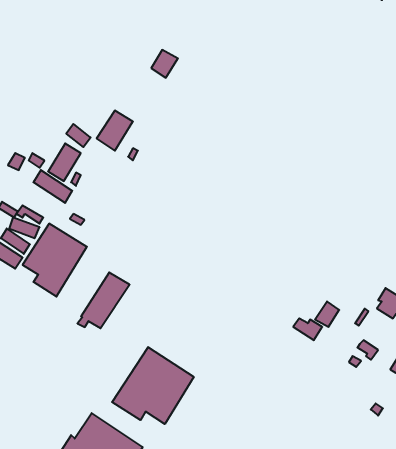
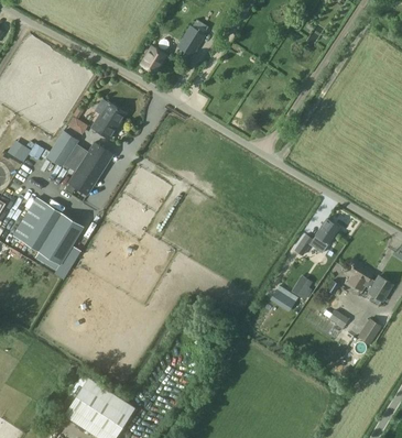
building: none -> [180,20,209,55]
building: none -> [295,219,339,254]
building: [77,272,130,328] -> [66,143,113,194]
building: [112,347,194,424] -> none

